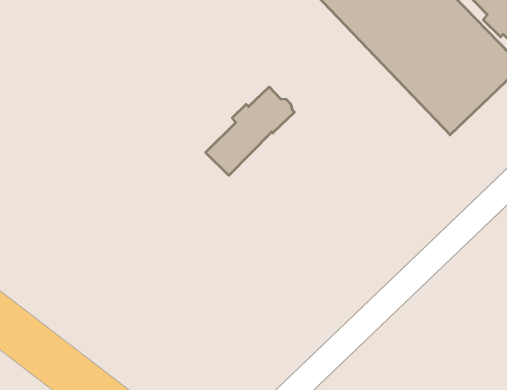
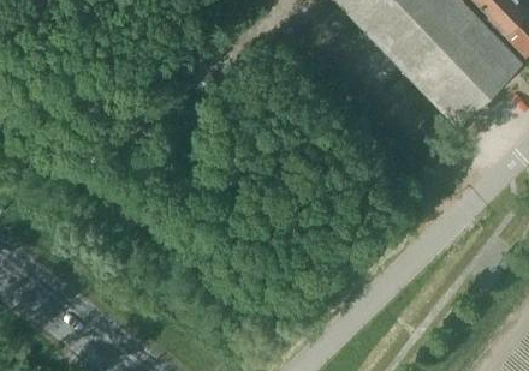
building: [206,87,294,175] -> none

